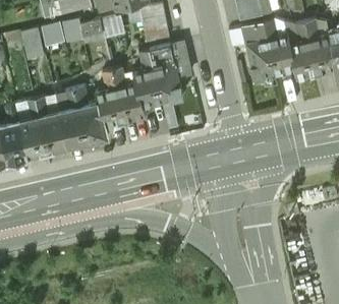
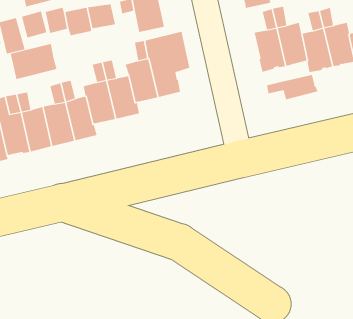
building: none -> [10,43,57,80]
building: none -> [267,74,318,100]

